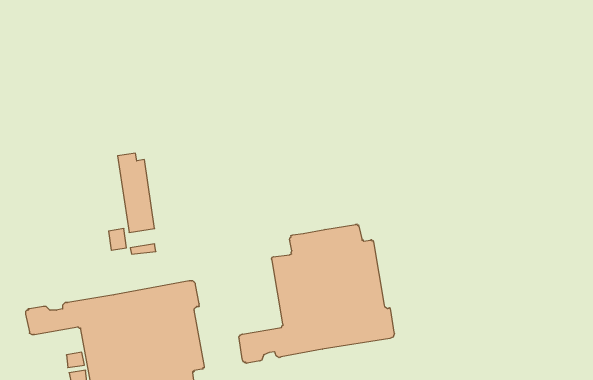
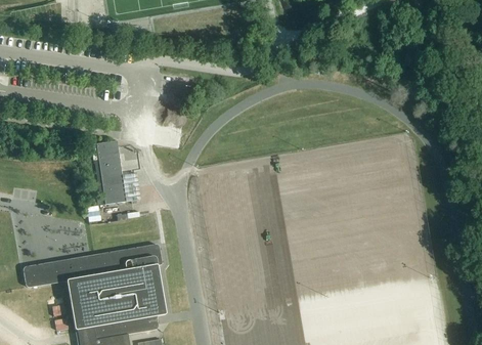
building: [239,224,394,363] -> none

